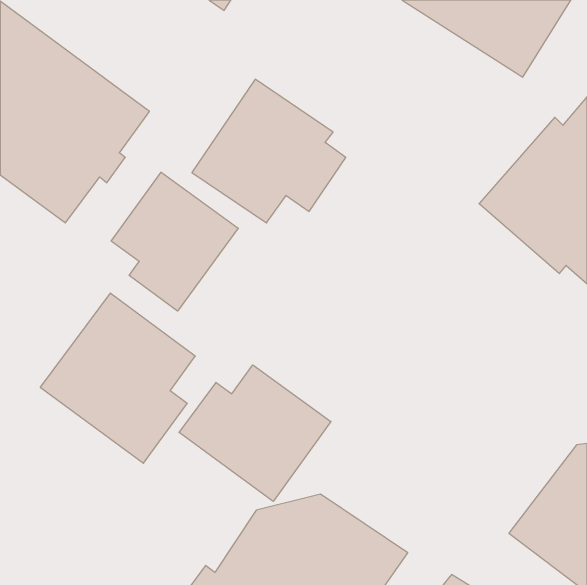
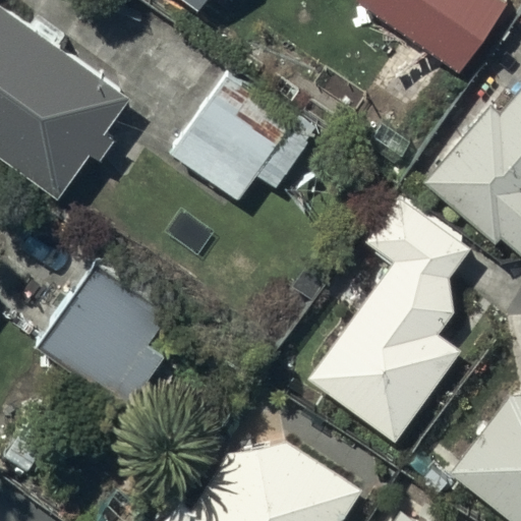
building: [111,172,238,311] -> none
building: none -> [309,194,471,442]
building: [179,365,331,501] -> none

